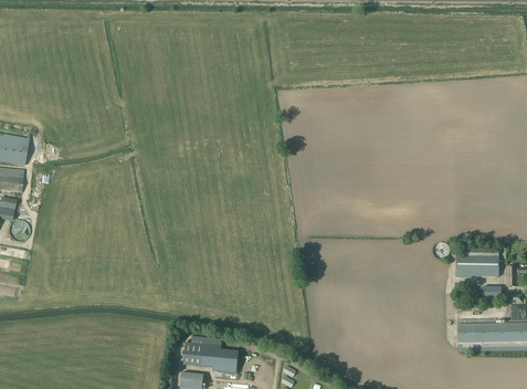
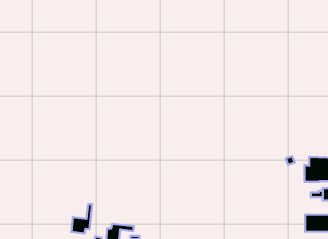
building: none -> [71,204,92,233]

